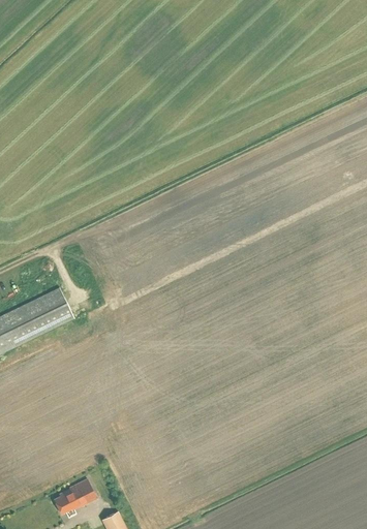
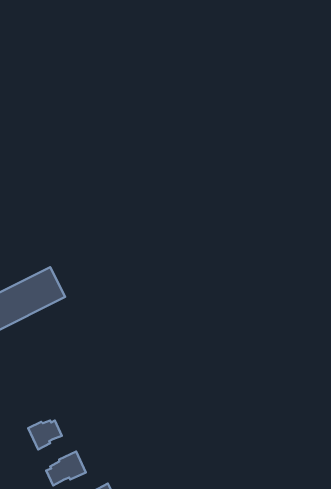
building: none -> [28,420,62,449]

